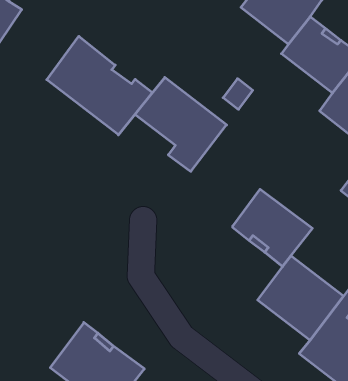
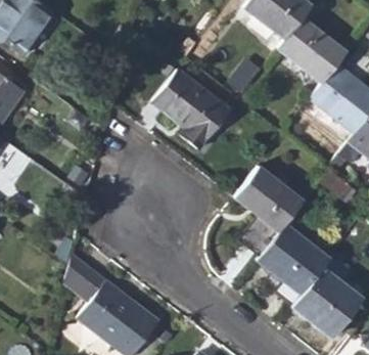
building: [47,36,152,135] -> none
building: none -> [64,253,107,305]

